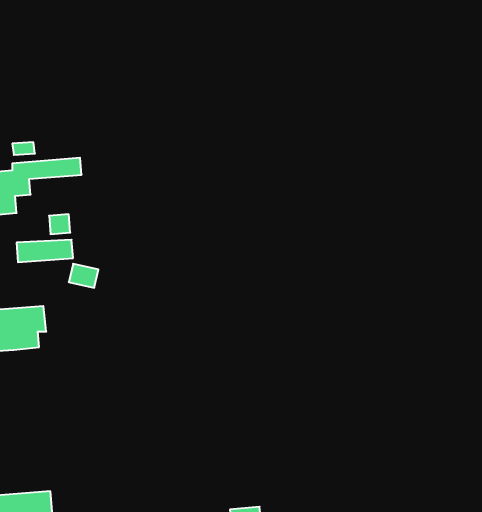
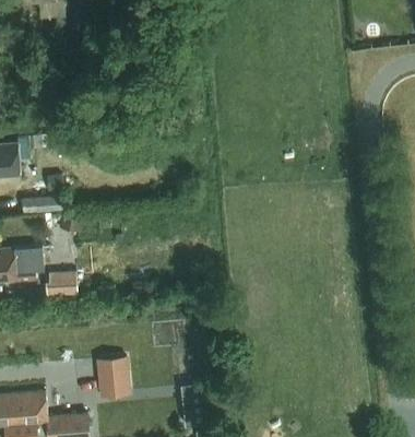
building: none -> [43,273,74,296]
building: none -> [104,353,139,394]

